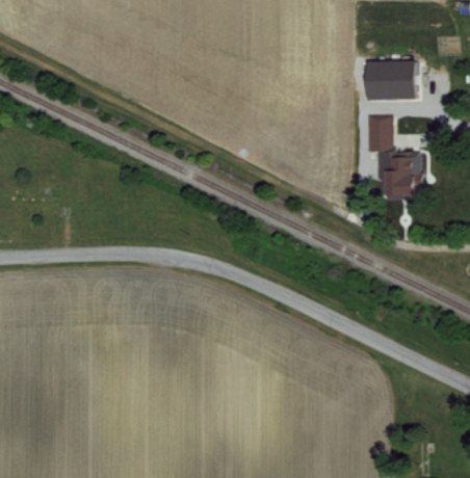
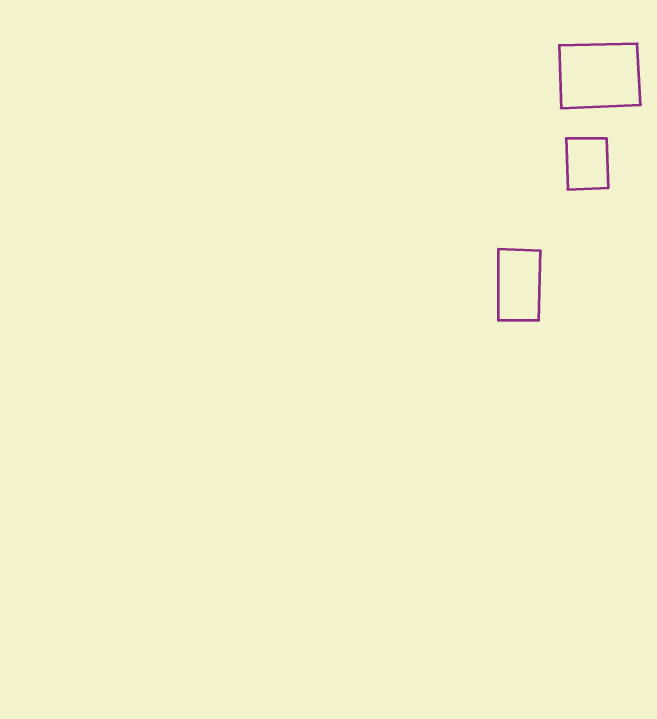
building: [386,156,412,200] -> [498,249,541,320]

